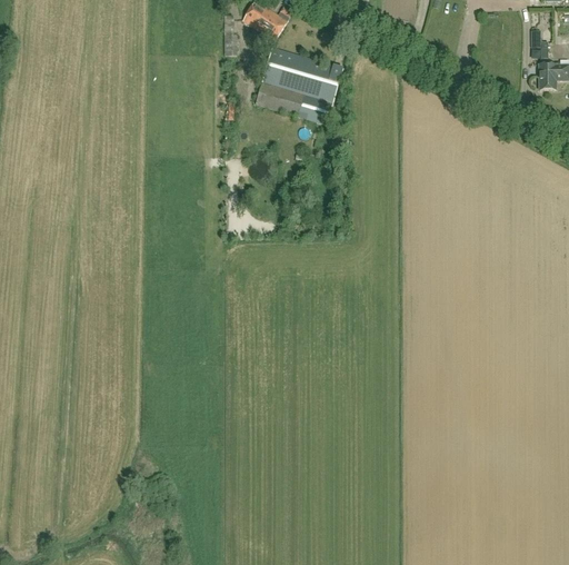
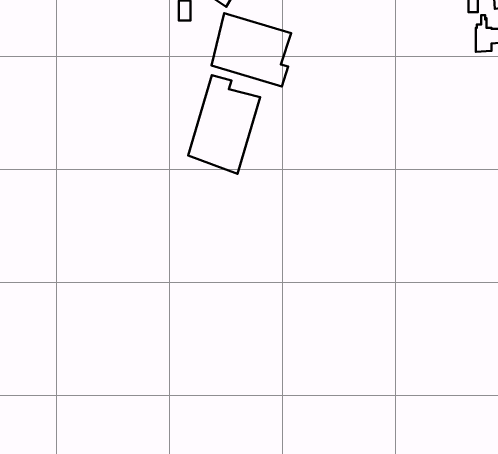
building: none -> [188,75,260,174]

